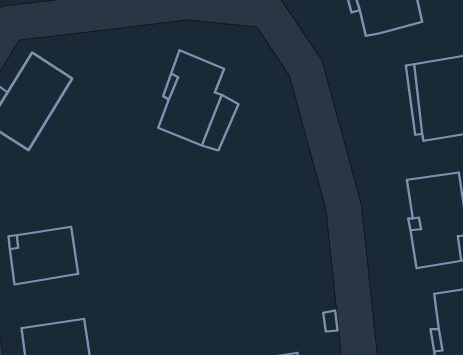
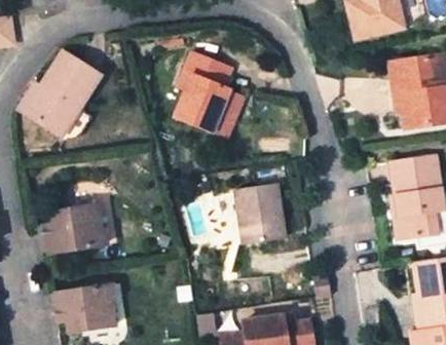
building: none -> [237,183,285,242]

